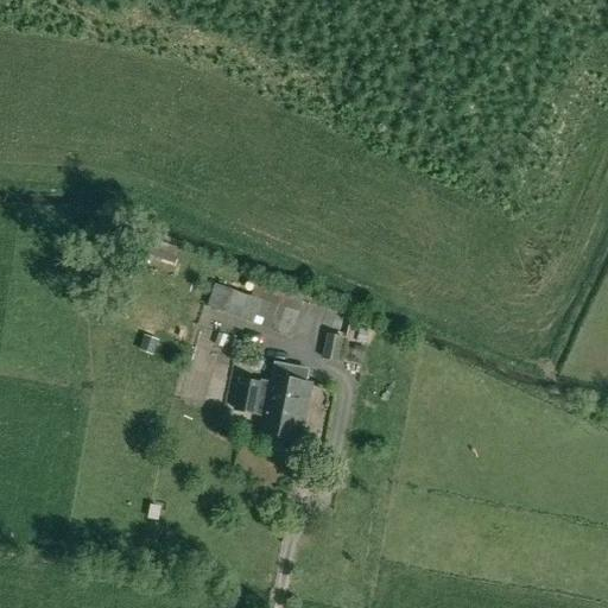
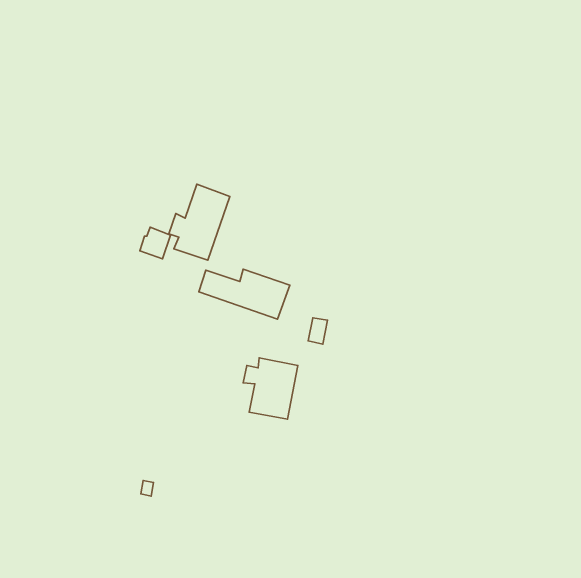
building: none -> [169,184,230,260]

